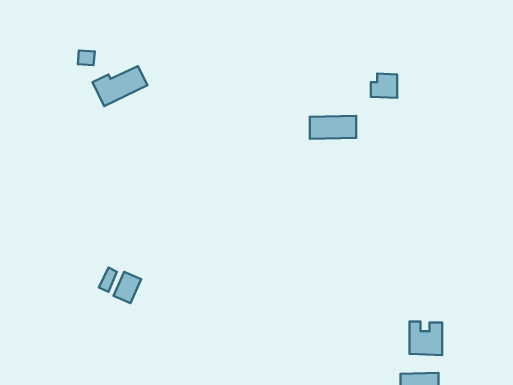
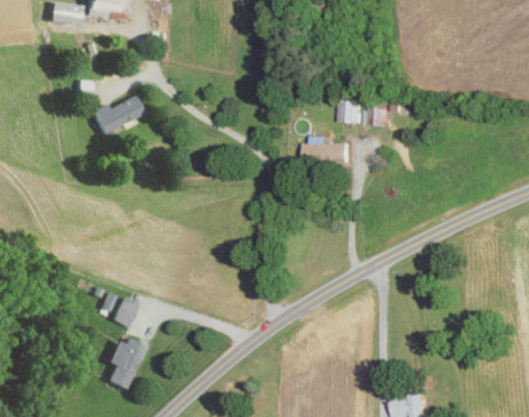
building: none -> [341,101,364,124]
building: none -> [108,338,147,389]
building: [410,321,442,355] -> none

